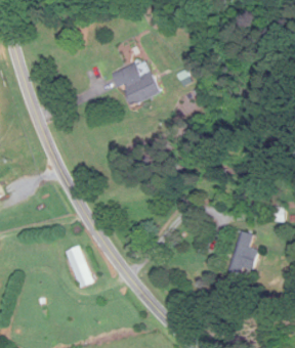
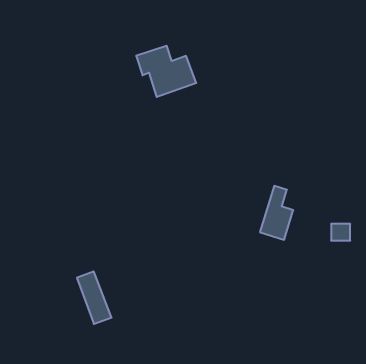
building: [230,229,257,272] -> [260,186,293,240]

